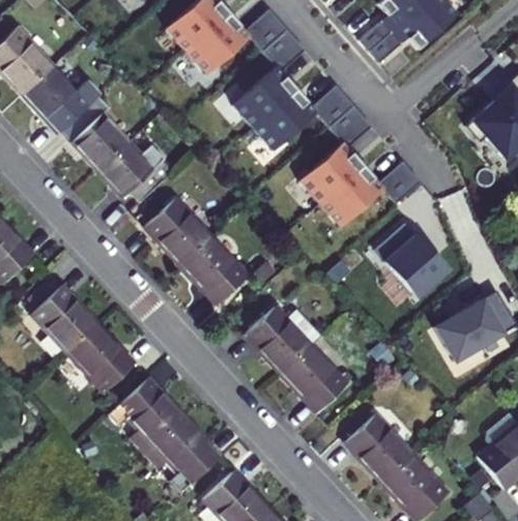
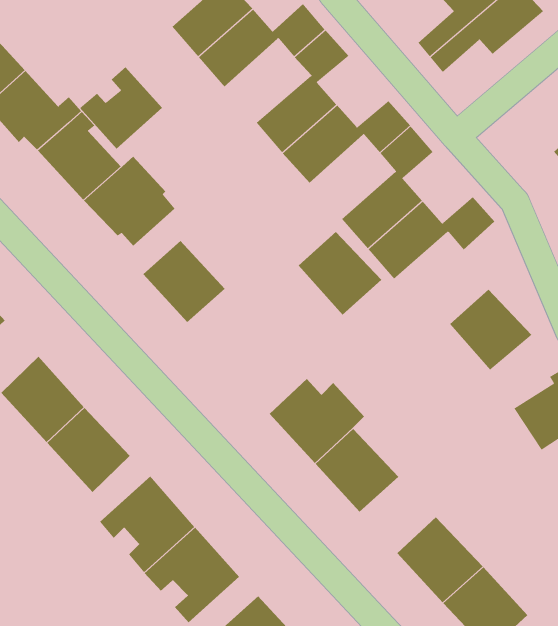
building: none -> [79,66,163,149]
building: [179,233,246,299] -> [298,231,382,315]

